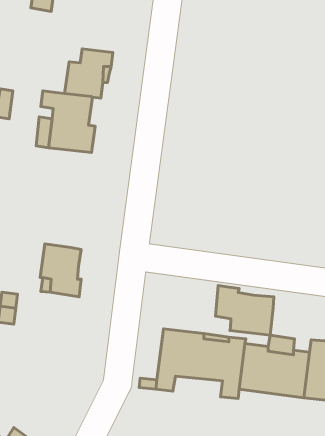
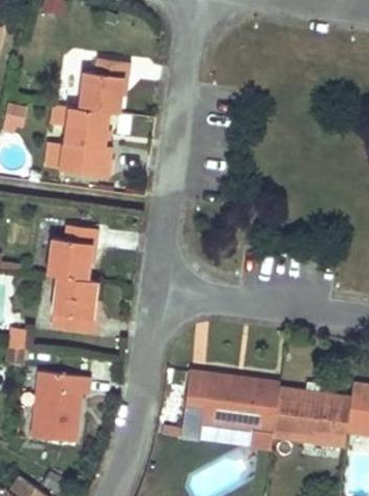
building: none -> [48,225,100,279]
building: [215,286,274,335] -> none
building: none -> [30,371,90,440]

